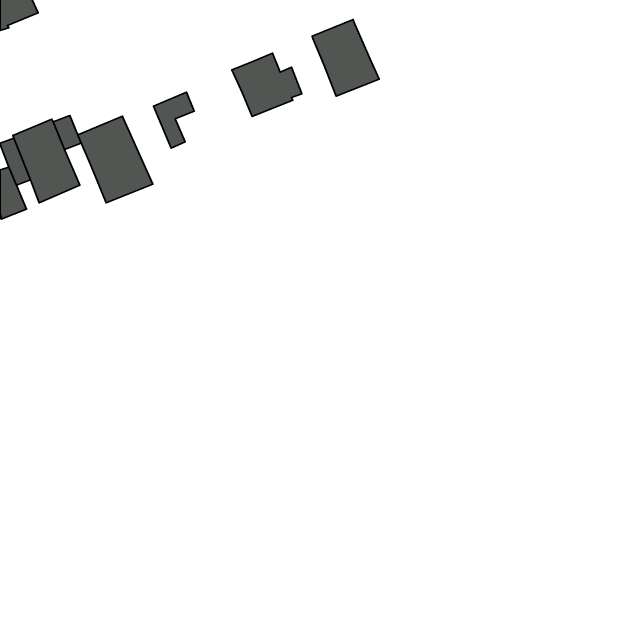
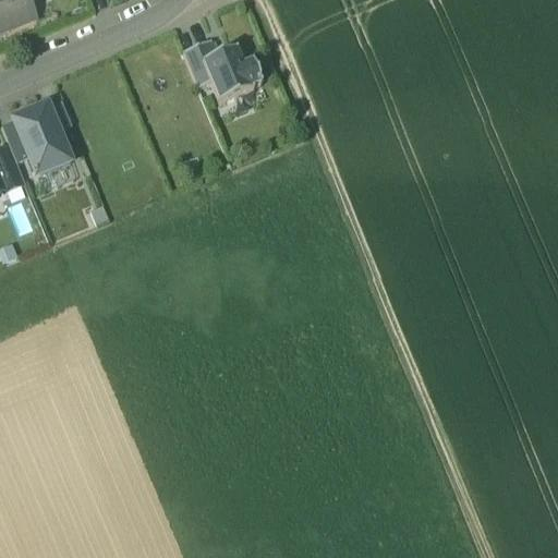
building: [312,20,379,96] -> none
building: [153,92,194,148] -> [184,37,219,85]
building: [78,116,153,203] -> none

